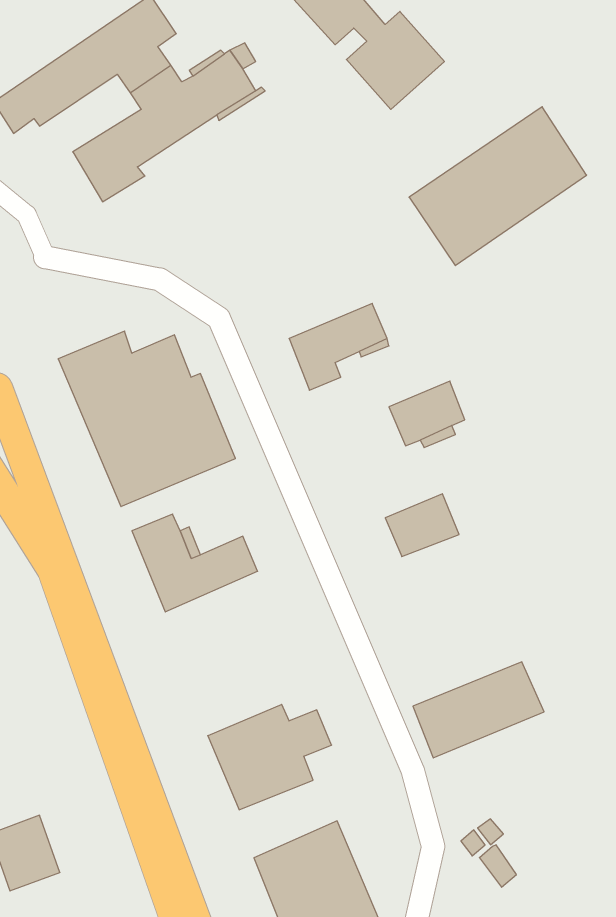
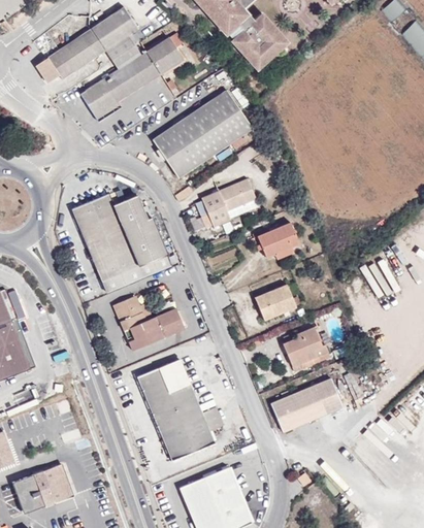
building: [409,107,587,266] -> [152,90,251,178]
building: none -> [282,327,329,372]
building: none -> [136,359,196,420]

